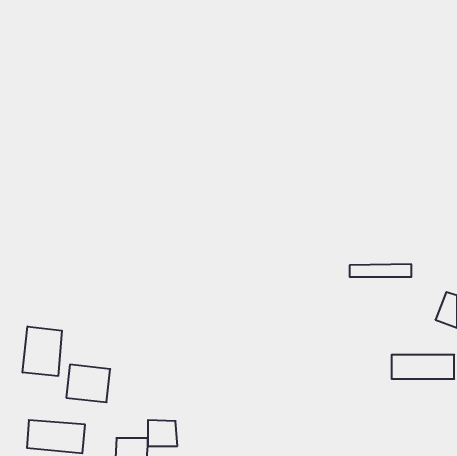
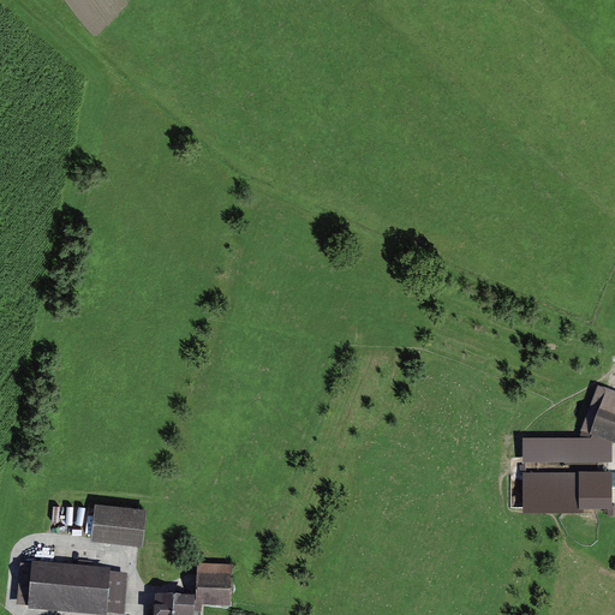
building: [350,264,411,277] -> [525,444,608,461]
building: [23,326,62,376] -> none

